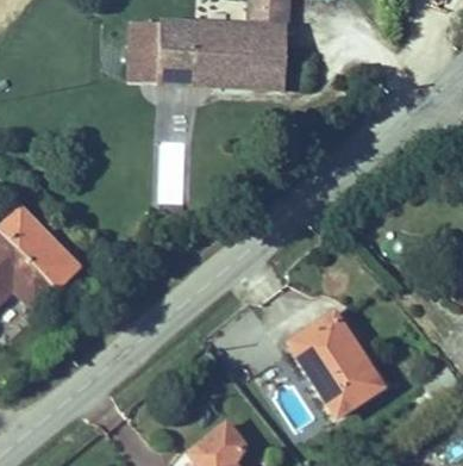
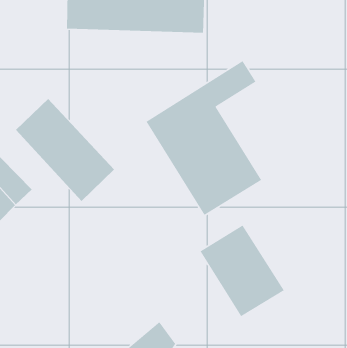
building: none -> [145,60,262,216]
building: none -> [15,98,115,202]

